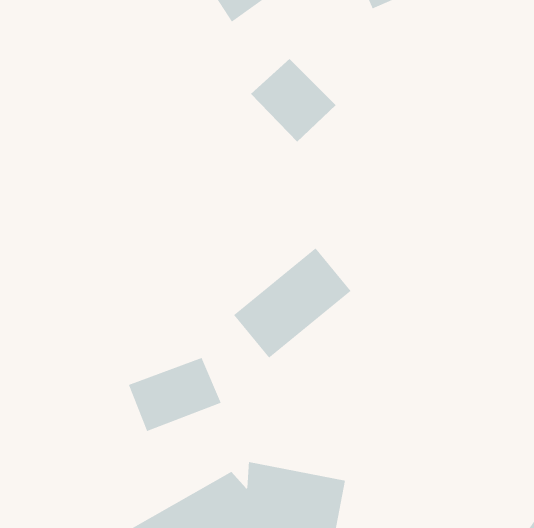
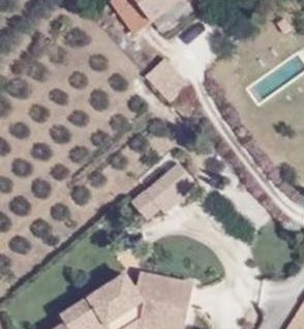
building: [128,357,222,432] -> none

